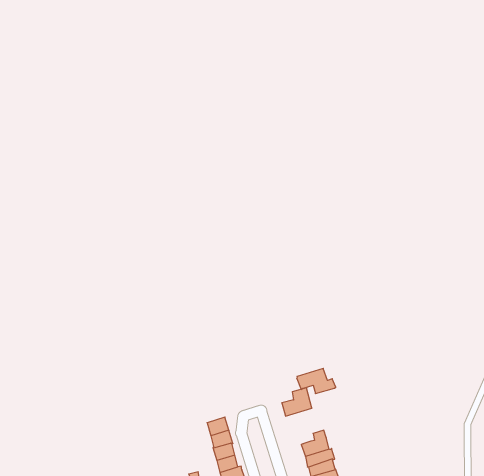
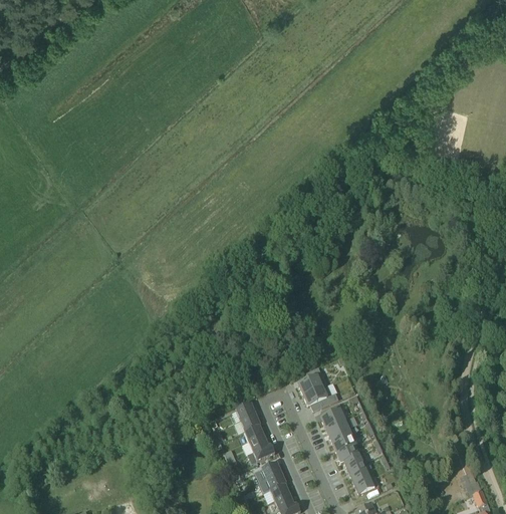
building: [297,368,336,394] -> [303,384,338,408]

